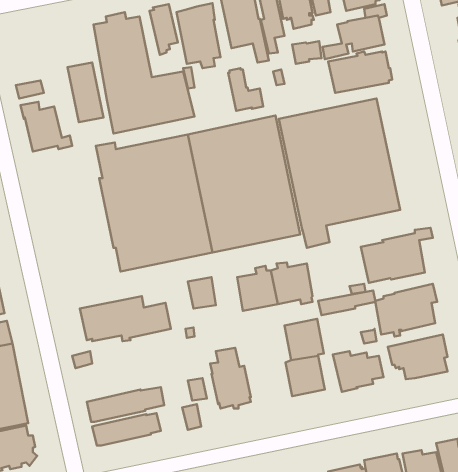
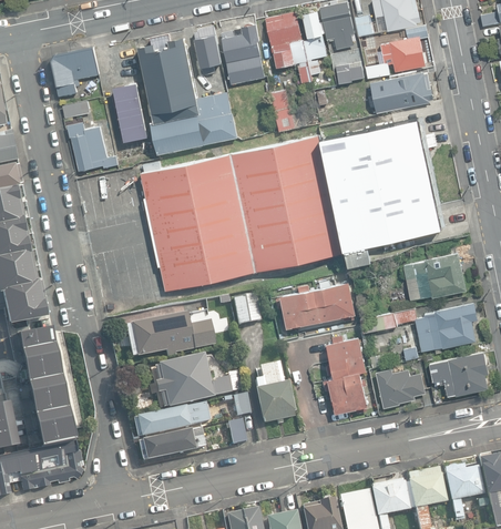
building: none -> [52,48,99,96]
building: none -> [154,355,239,409]

